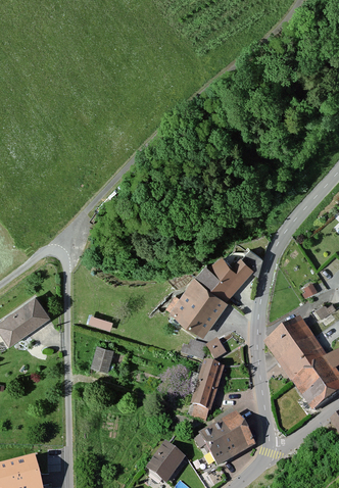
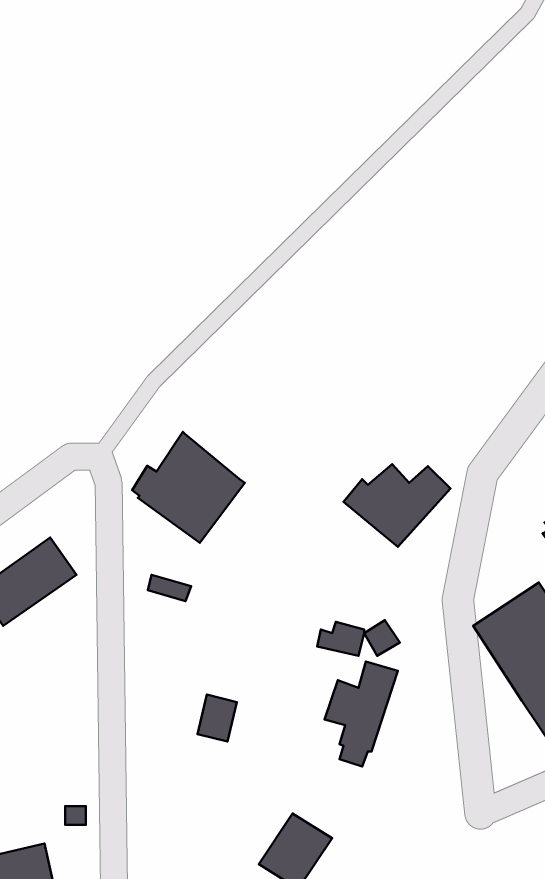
building: [166,275,228,335] -> [132,432,245,543]
building: [92,345,113,371] -> [198,695,237,742]
building: [200,414,254,467] -> none

